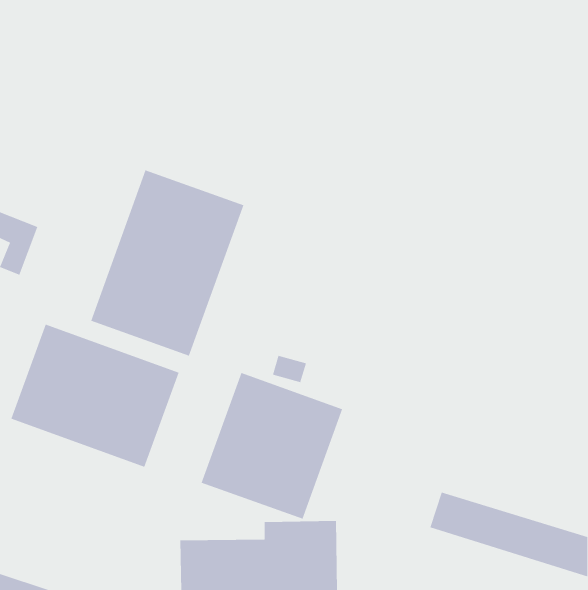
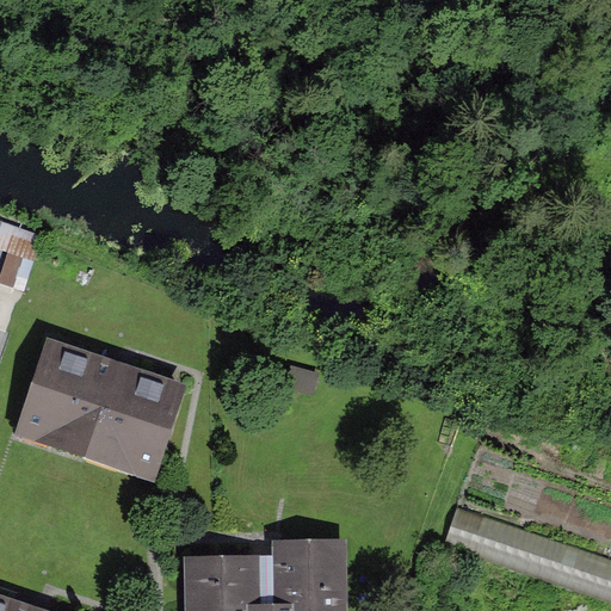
building: [90,169,244,356] -> none
building: [201,372,343,520] -> none

